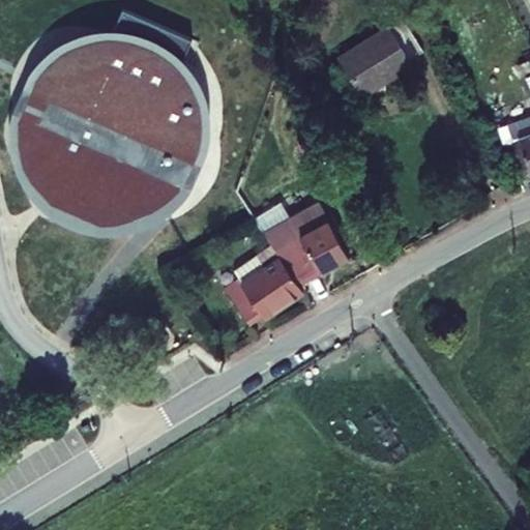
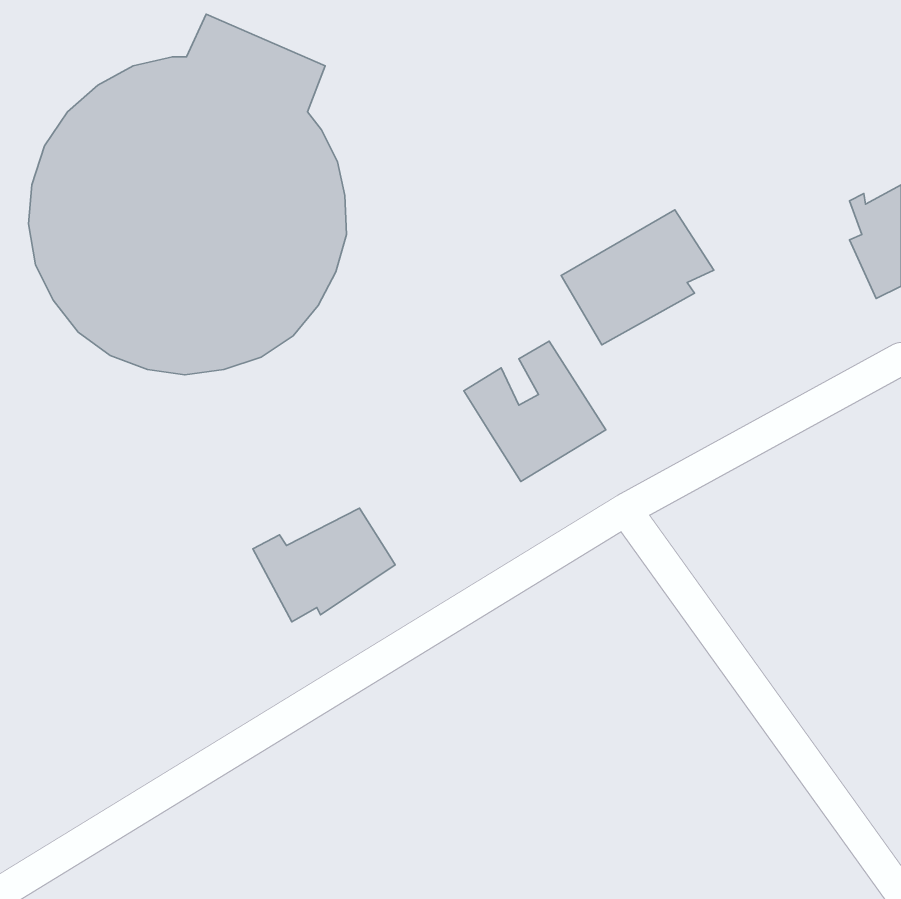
building: [325,22,414,100] -> [561,210,714,345]
building: [224,258,306,324] -> [253,508,395,622]

